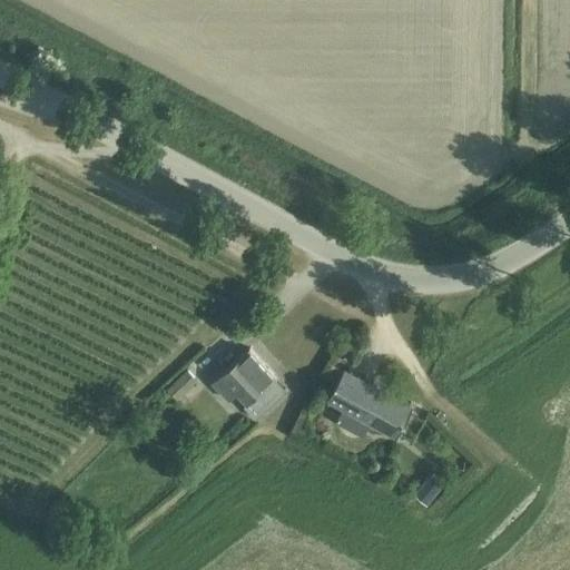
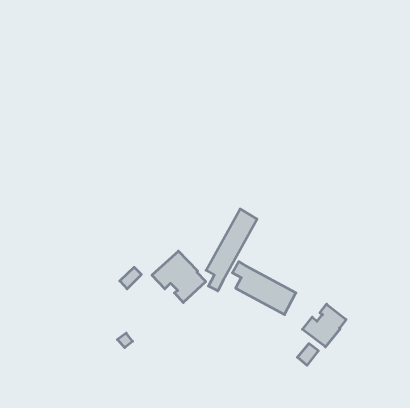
building: none -> [206,209,257,291]
building: none -> [302,304,346,347]

